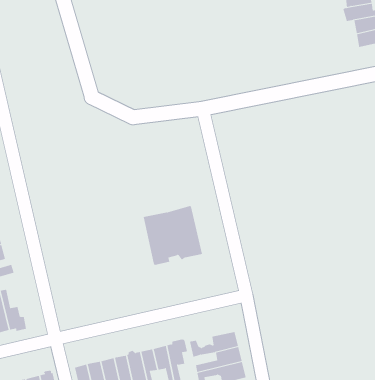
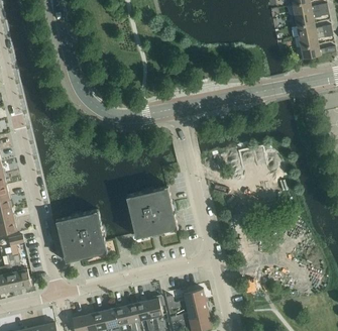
building: none -> [58,212,106,260]

